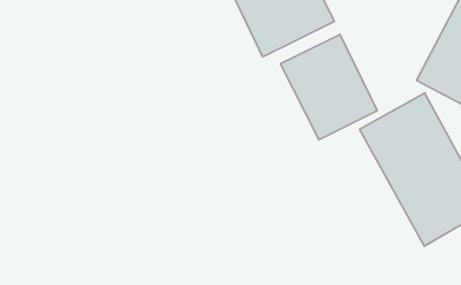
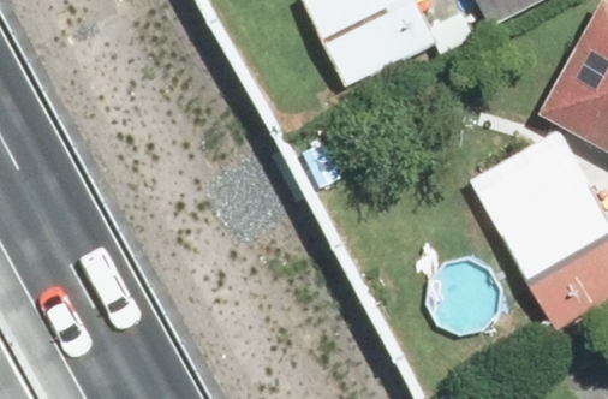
building: [281,34,377,140] -> none

